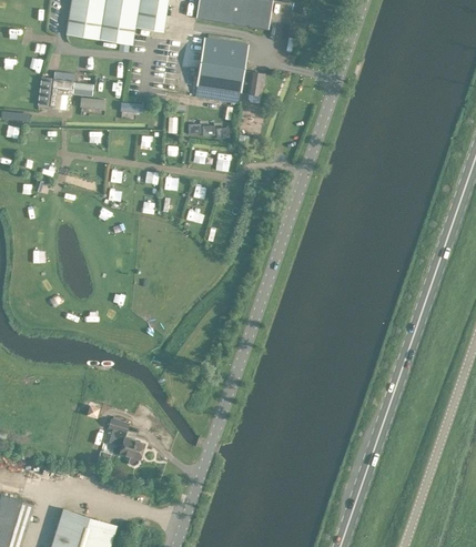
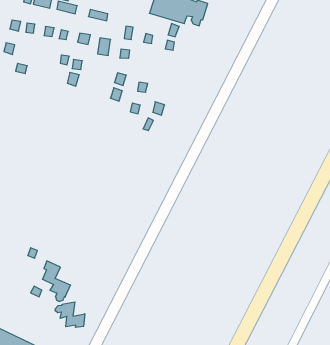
building: none -> [55,302,85,327]

